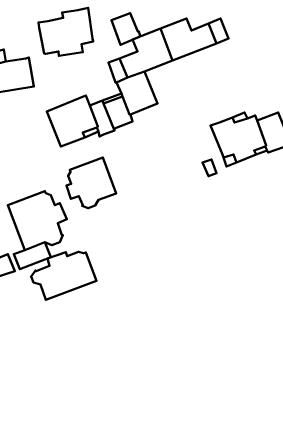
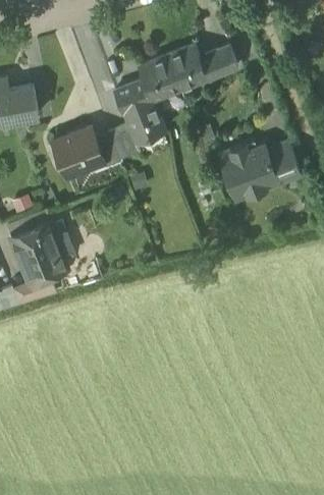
building: [38,8,93,56] -> none
building: [112,13,140,45] -> none
building: [67,158,116,208] -> none
building: [31,252,97,300] -> none

